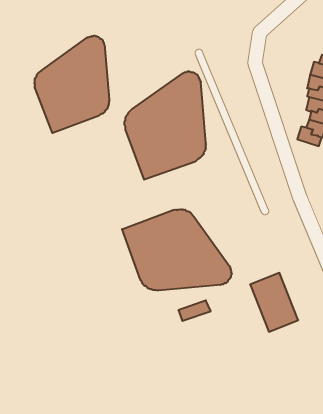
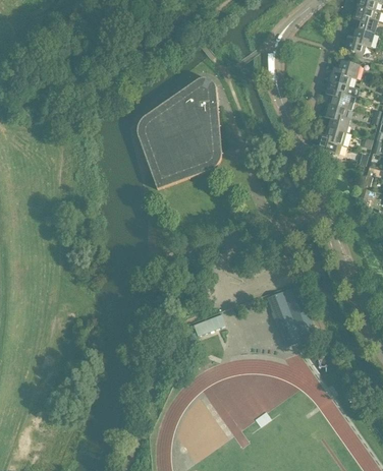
building: [35,36,109,133] -> none
building: [122,209,232,290] -> none

